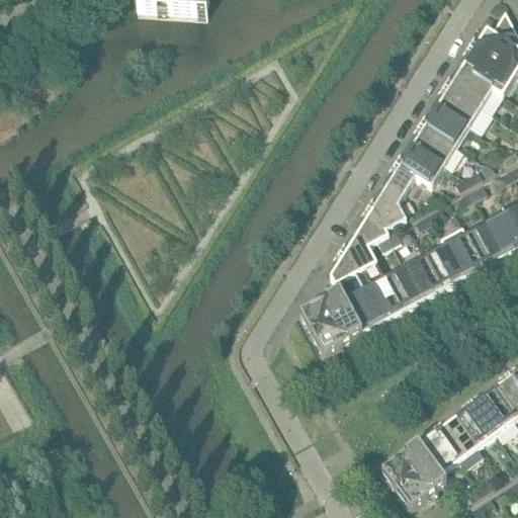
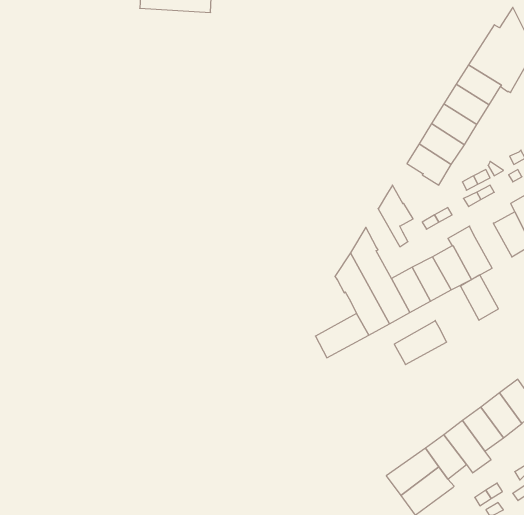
building: [387,161,418,200] -> none
building: [361,205,395,248] -> none
building: [467,220,505,264] -> [460,275,498,320]
building: [300,287,352,331] -> [394,320,447,365]

